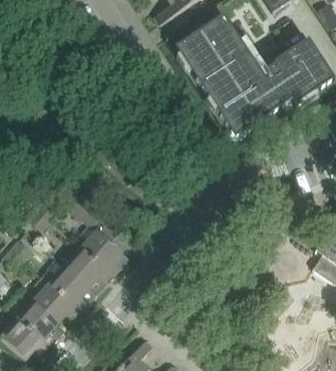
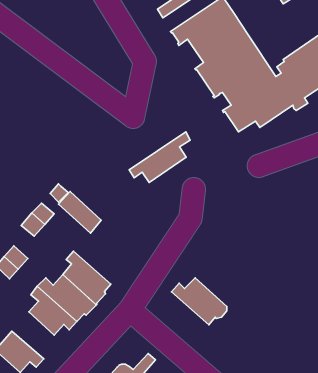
building: none -> [129,132,190,182]
building: [75,232,127,276] -> [172,278,227,325]
building: [17,302,57,346] -> none

